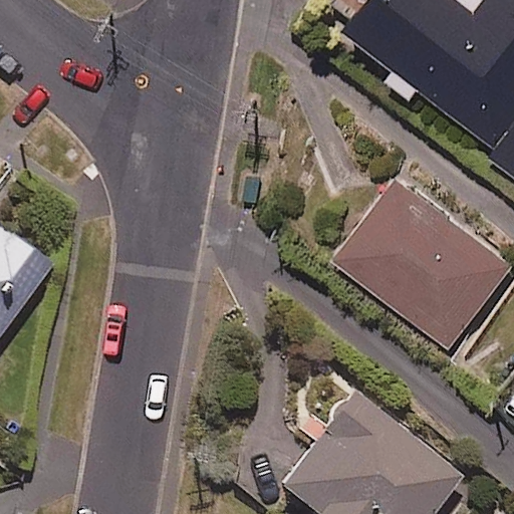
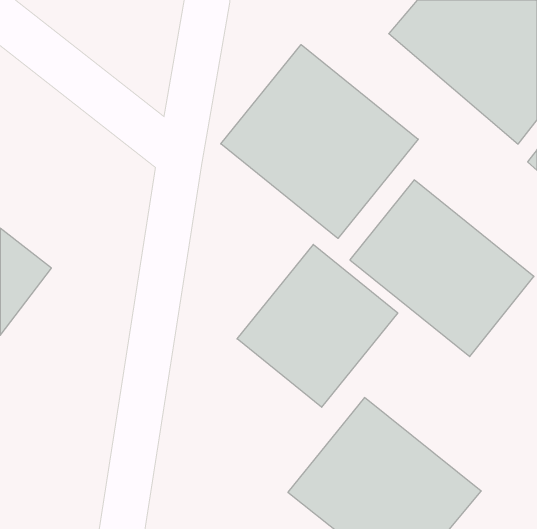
building: none -> [221,45,418,238]
building: none -> [237,244,398,407]

